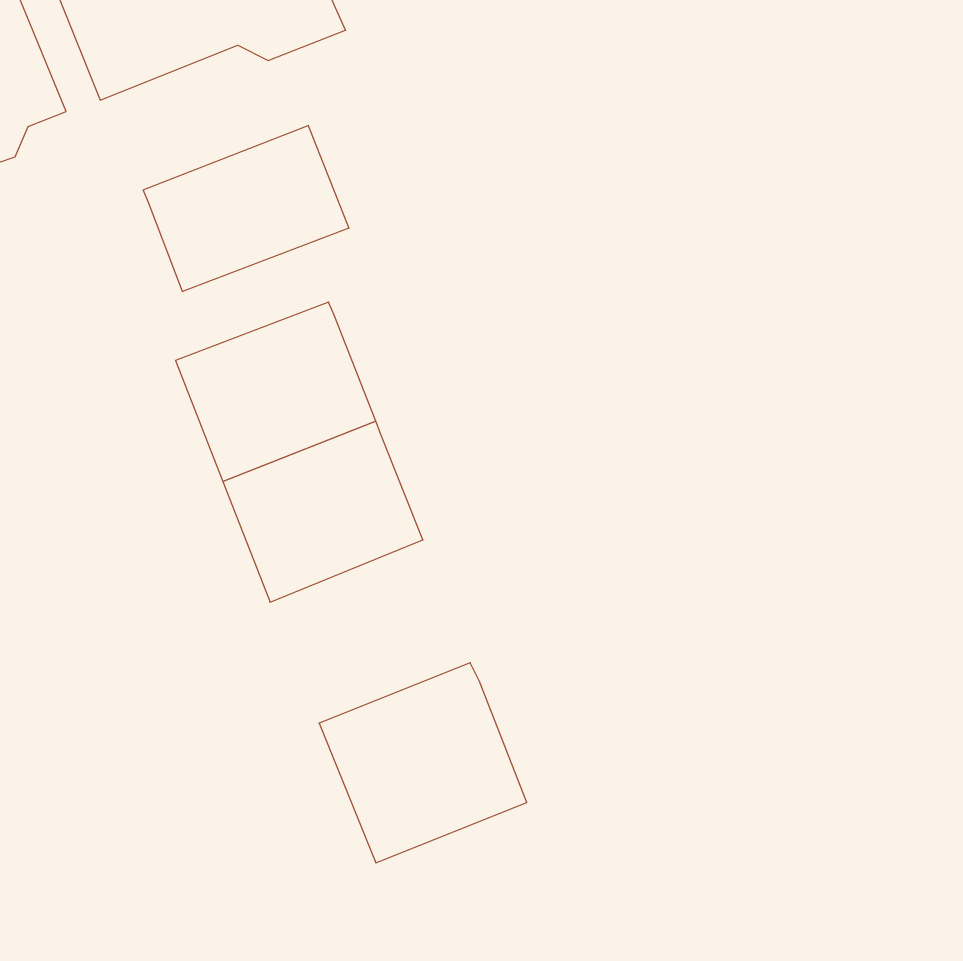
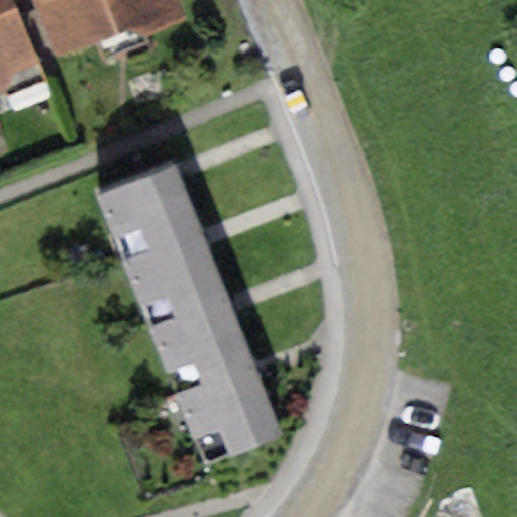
building: [143,125,349,292] -> none
building: none -> [144,289,251,387]

